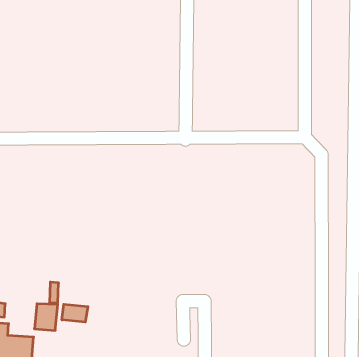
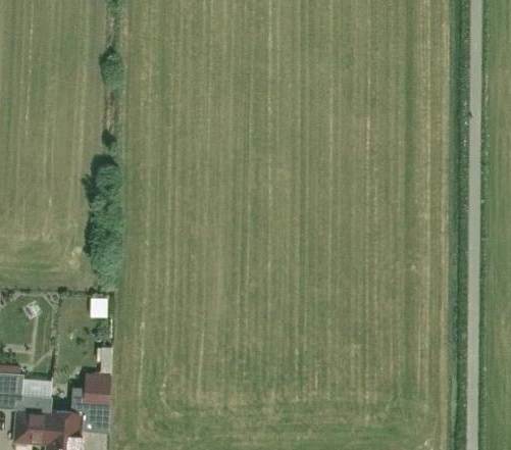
building: [62,304,88,322] -> none

